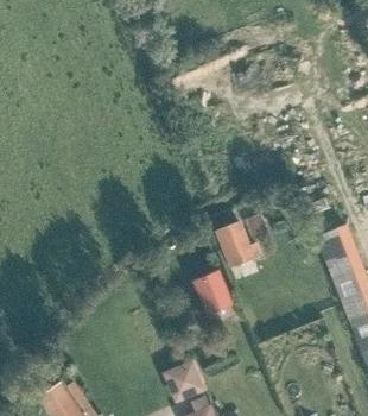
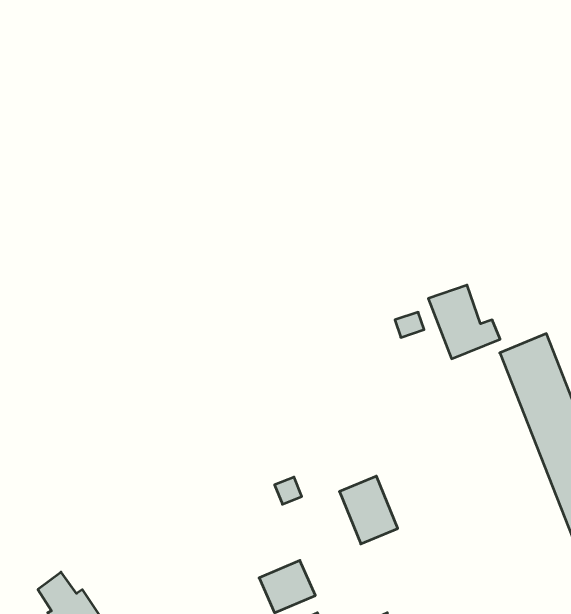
building: [221,220,265,265] -> [428,285,500,359]
building: [196,271,231,313] -> [339,476,398,544]

